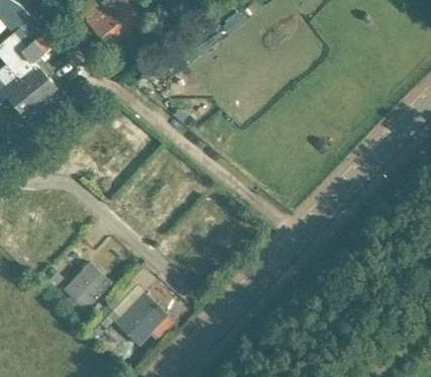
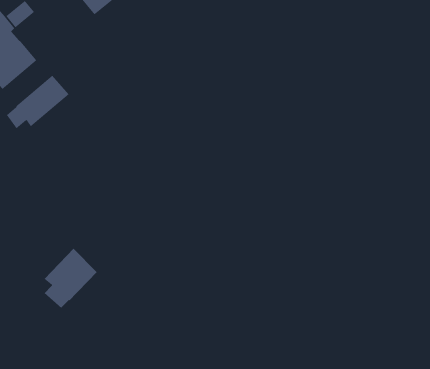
building: none -> [6,75,70,129]
building: [113,291,177,347] -> none

